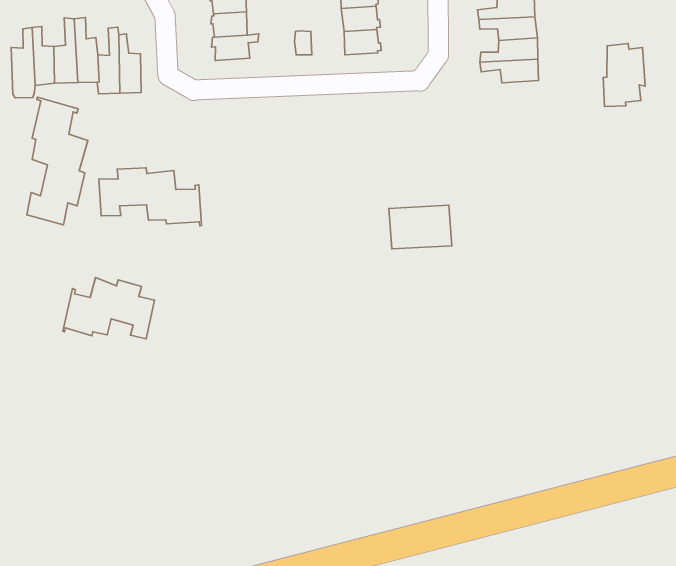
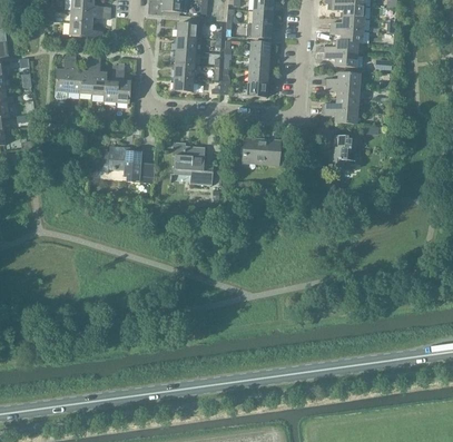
building: [603,43,645,107] -> [329,135,355,170]
building: [27,97,88,225] -> none
building: none -> [171,140,214,184]
building: [389,205,452,249] -> [244,137,279,163]
building: [63,278,155,339] -> none

